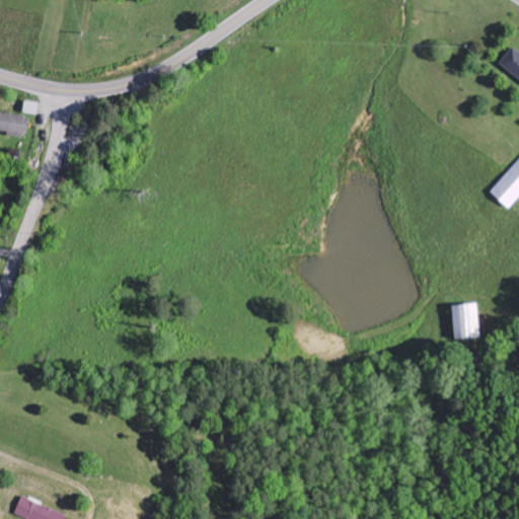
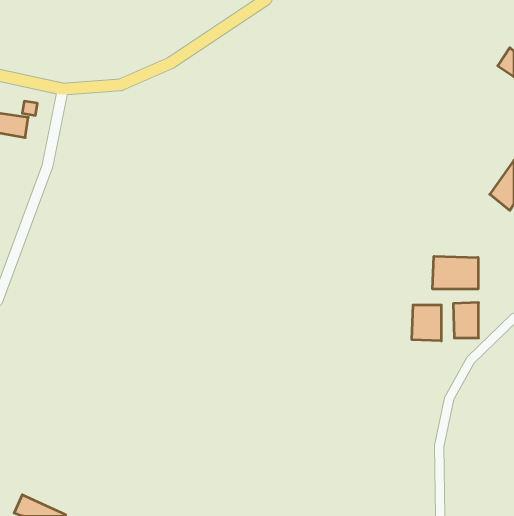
building: none -> [433,256,478,289]
building: none -> [412,305,441,341]

